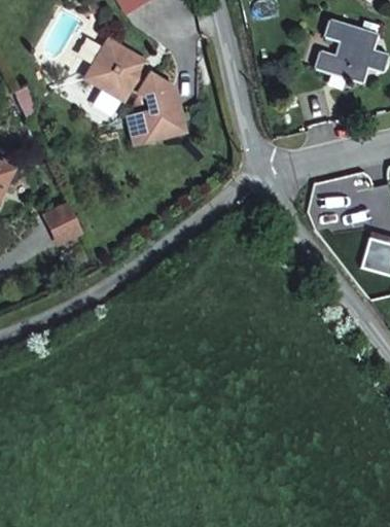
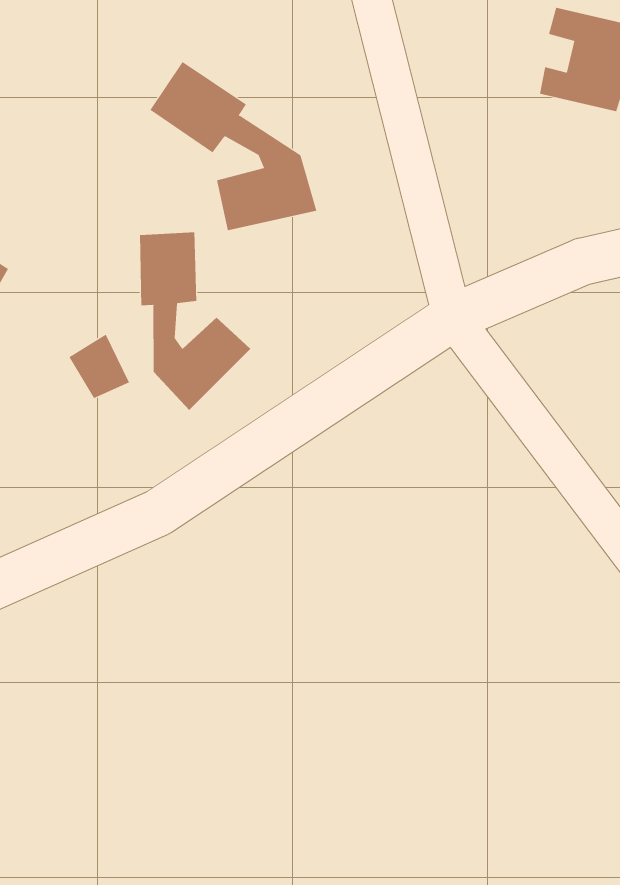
building: none -> [139,232,251,411]

